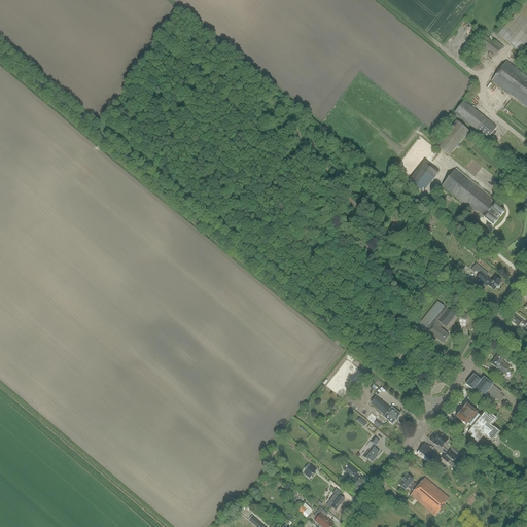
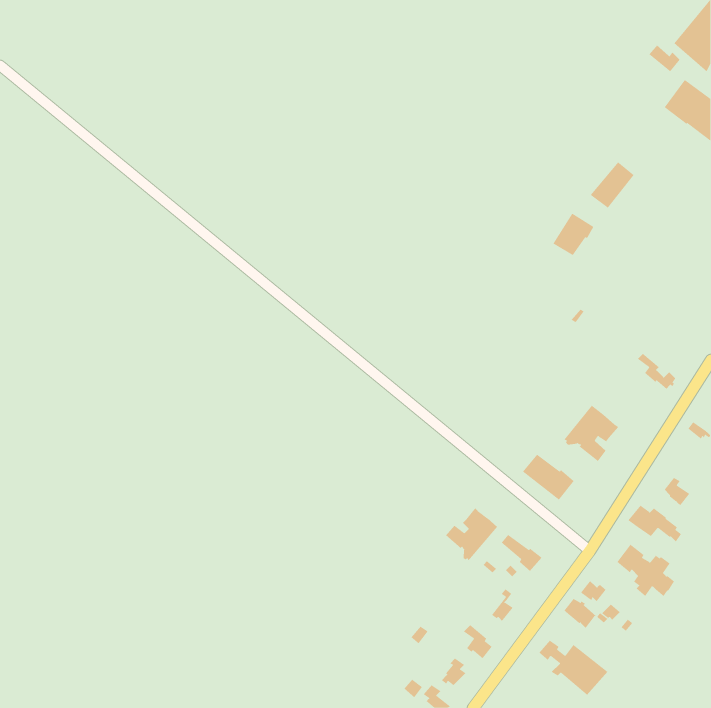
building: [454,99,497,138] -> none
building: [442,167,504,224] -> none
building: none -> [522,454,575,501]
building: none -> [445,507,498,561]

